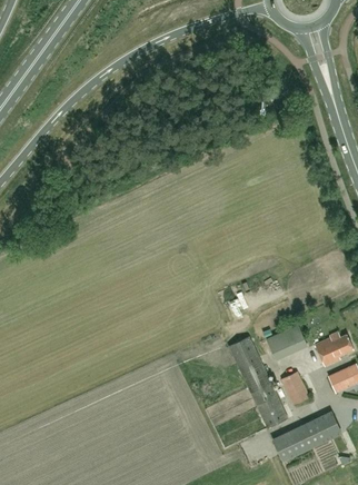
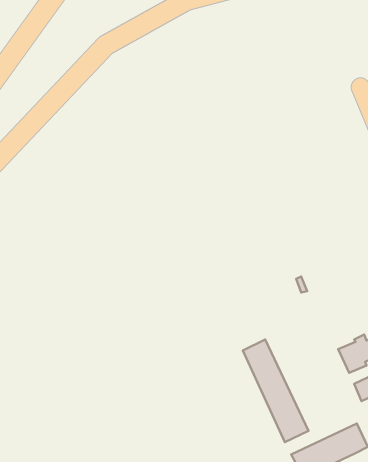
building: [266,325,307,357] -> none
building: [281,372,309,405] -> none

